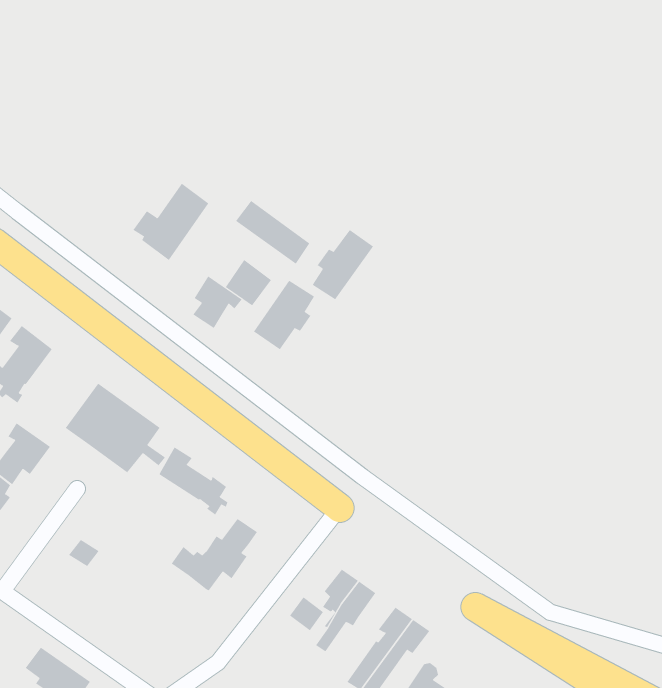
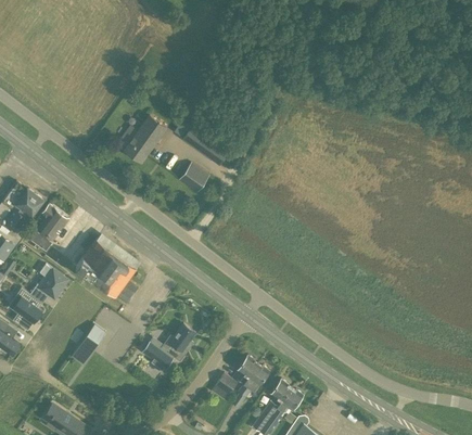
building: [312,229,374,300] -> none
building: [192,276,243,329] -> none
building: [253,280,315,350] -> none
building: [159,447,228,515] -> none

